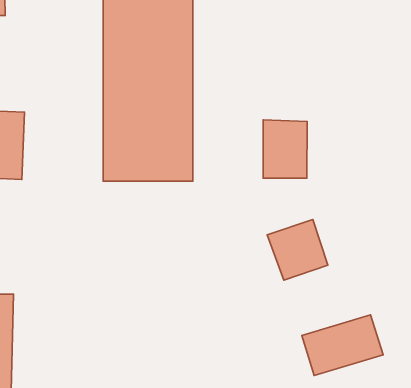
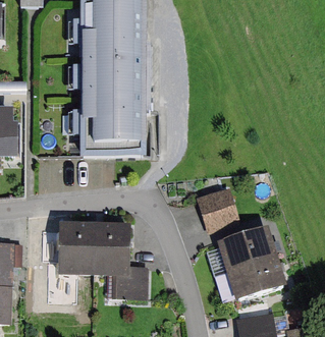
building: [263,120,307,178] -> none
building: none -> [61,219,149,297]
building: none -> [215,225,276,271]

